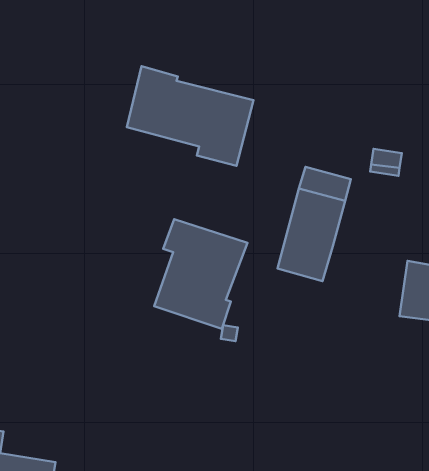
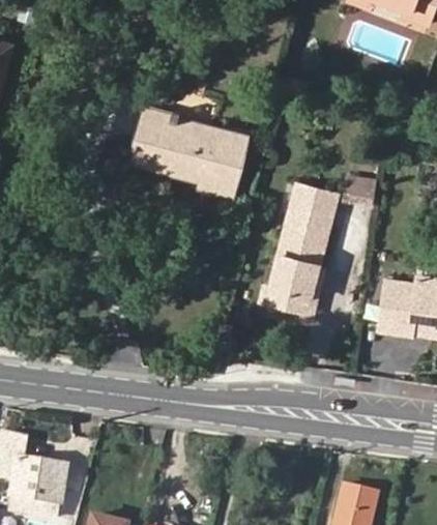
building: [154,219,247,329] -> none
building: none -> [266,269,327,318]

